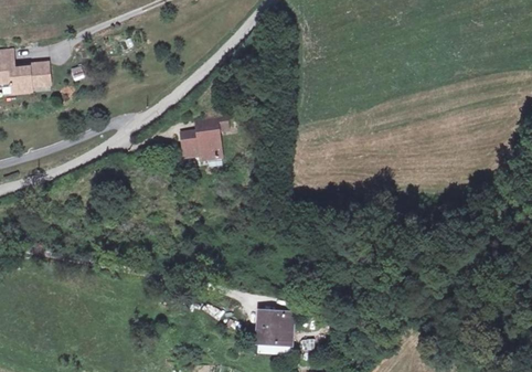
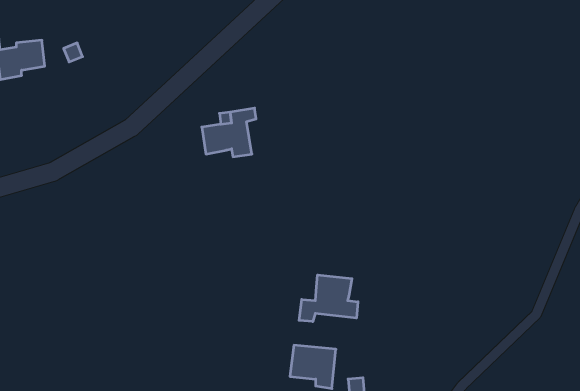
building: none -> [299,275,358,322]

